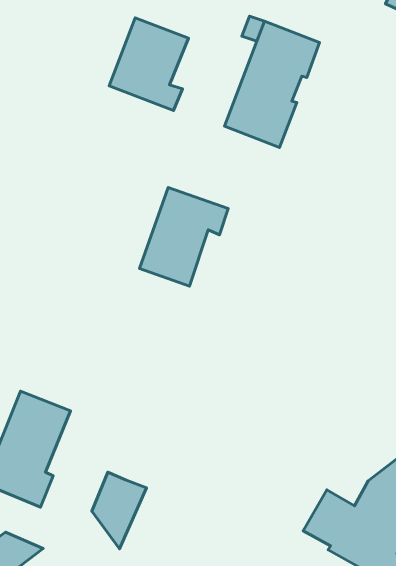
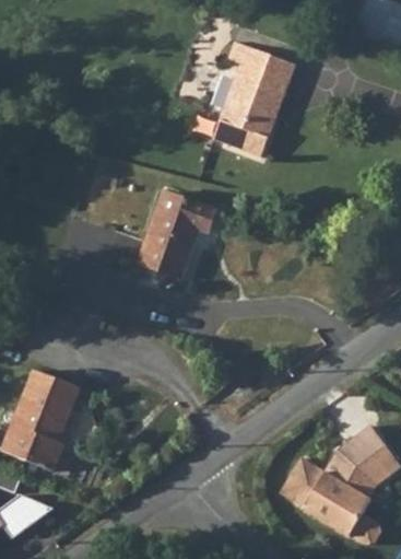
building: [109,18,189,110] -> none
building: [92,472,146,549] -> none

